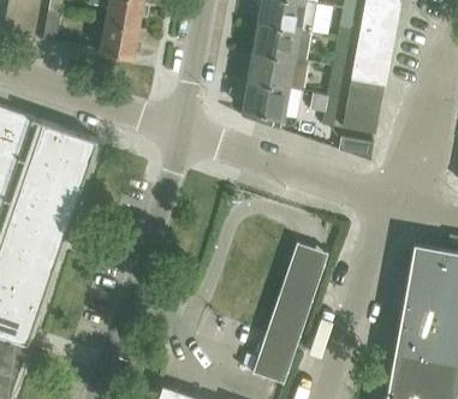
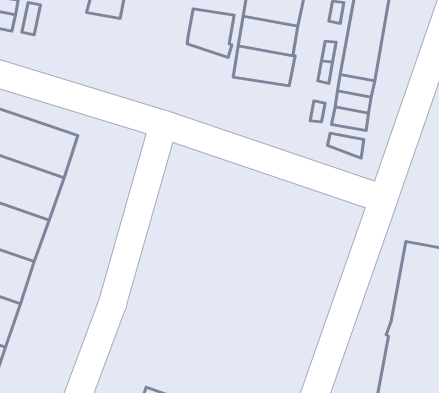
building: [101,22,138,58] -> none
building: [242,84,287,131] -> [187,9,234,57]
building: [252,243,328,383] -> none

